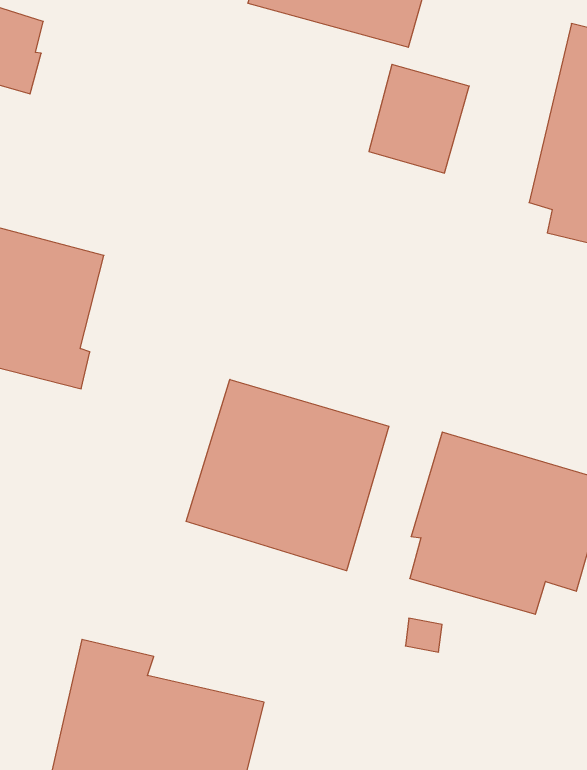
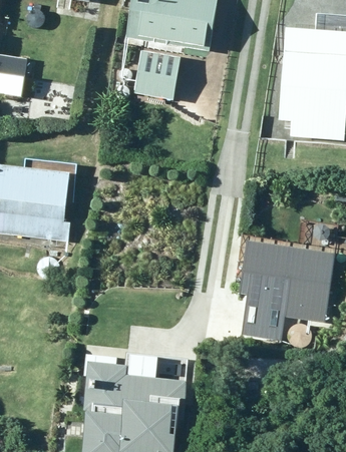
building: [369,64,469,173] -> [134,47,181,98]
building: [186,379,389,571] -> none

